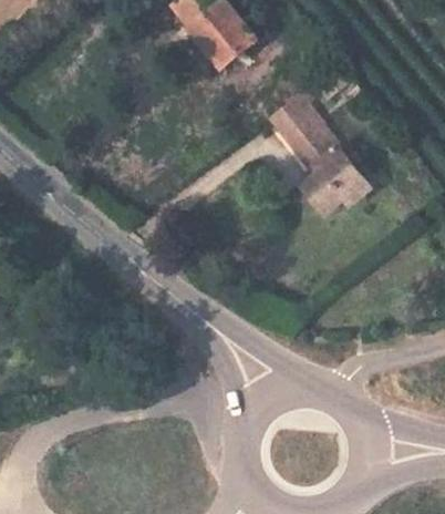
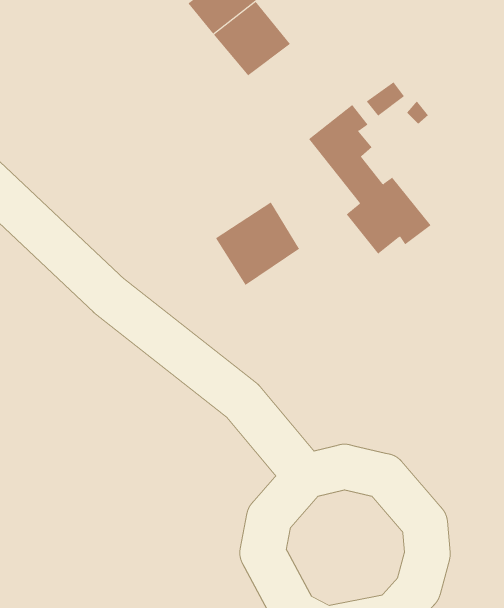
building: none -> [215,201,300,286]

